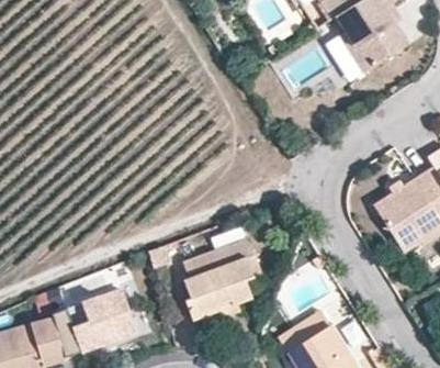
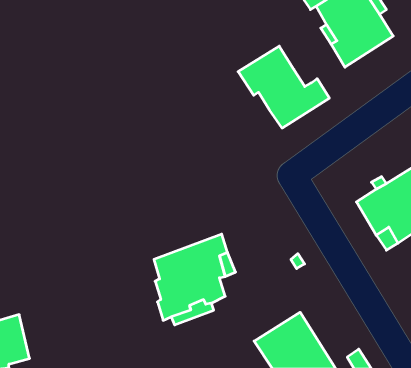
building: none -> [238,46,329,128]
building: [67,288,135,350] -> none

